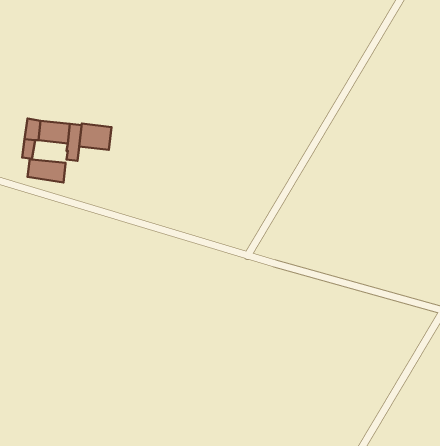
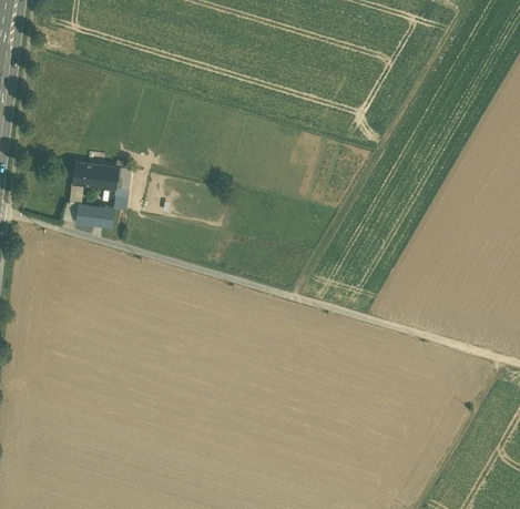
building: [79,124,112,150] -> none

